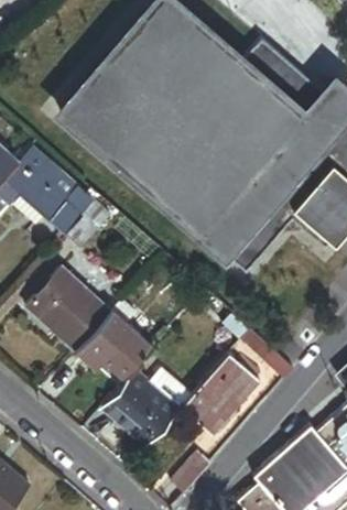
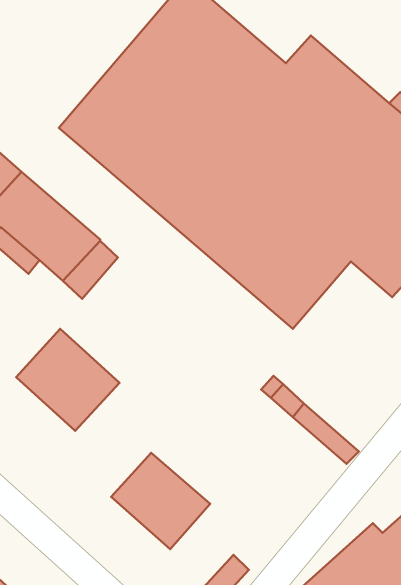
building: [74,301,152,381] -> none
building: [183,356,263,438] -> none

